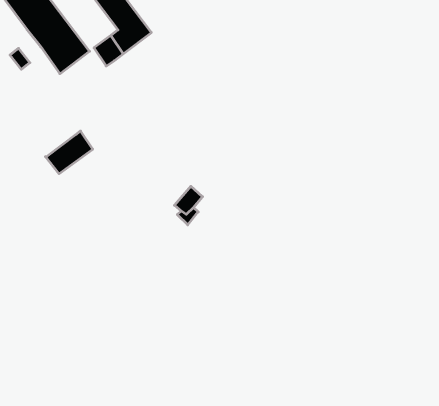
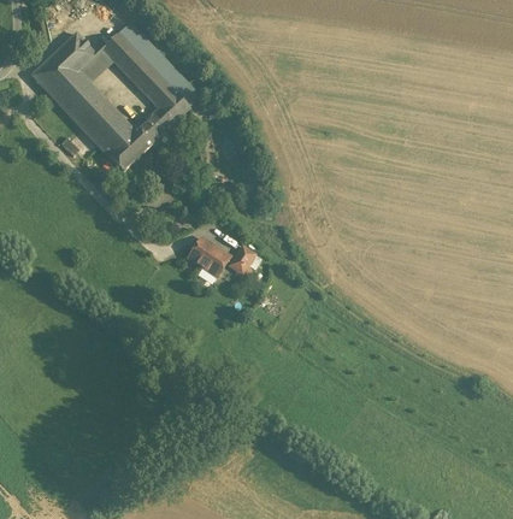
building: [45,131,93,174] -> [110,128,153,170]
building: none -> [190,238,231,276]

